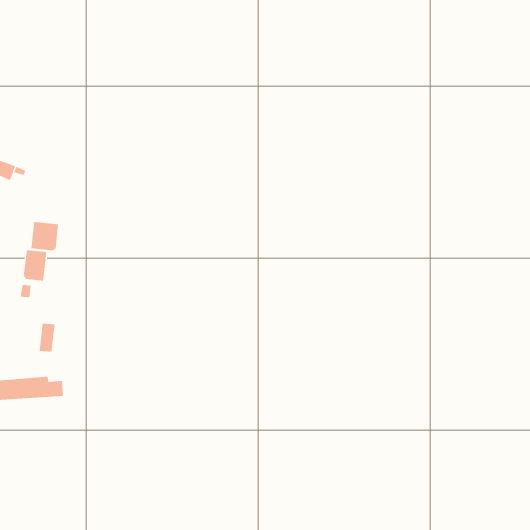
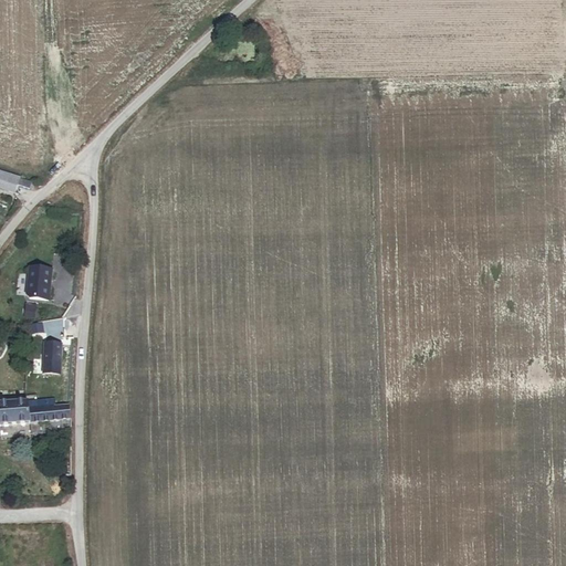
building: [31,221,58,251] -> none

